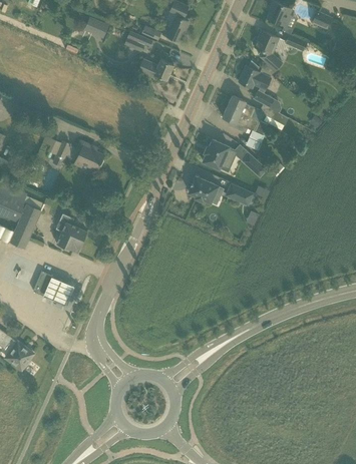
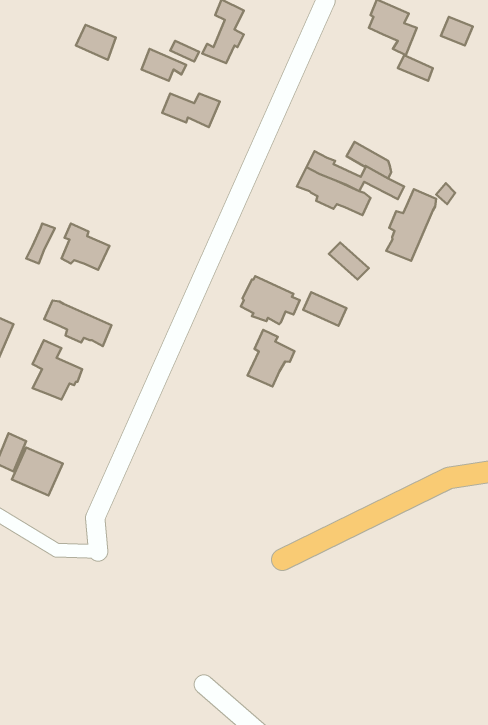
building: [254,31,282,71] -> none
building: [239,60,272,90] -> none
building: none -> [386,189,436,261]
building: [203,139,237,168] -> none
building: none -> [44,300,111,346]
building: none -> [247,330,294,387]

